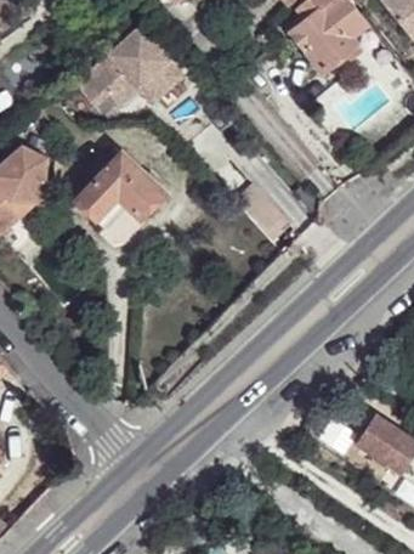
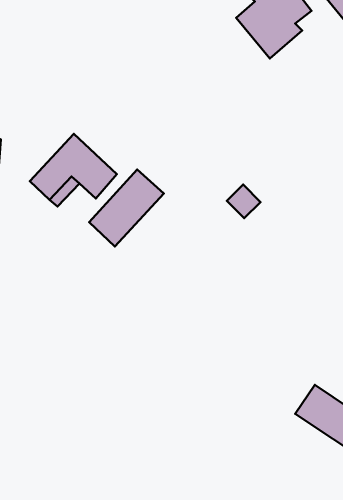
building: [69,23,177,103] -> none
building: none -> [89,169,164,246]

